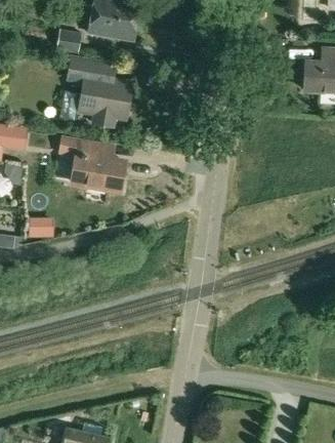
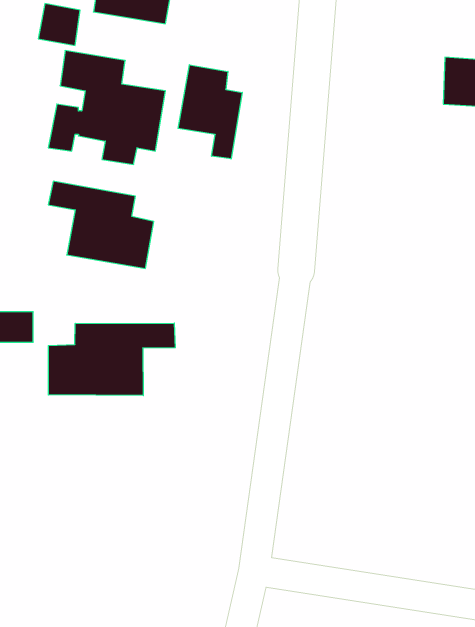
building: none -> [178,65,242,159]
building: none -> [48,323,175,396]

